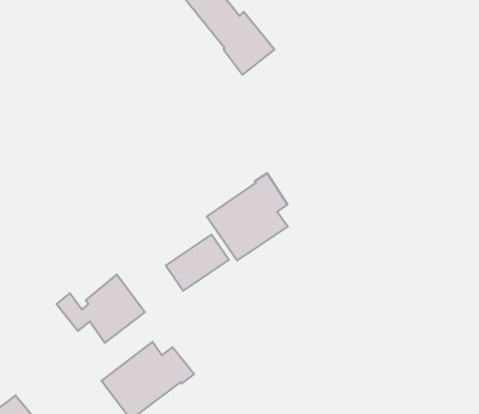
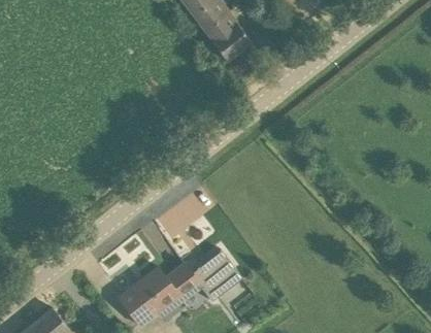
building: [207,173,288,261] -> none
building: [56,275,145,343] -> [173,248,241,301]

